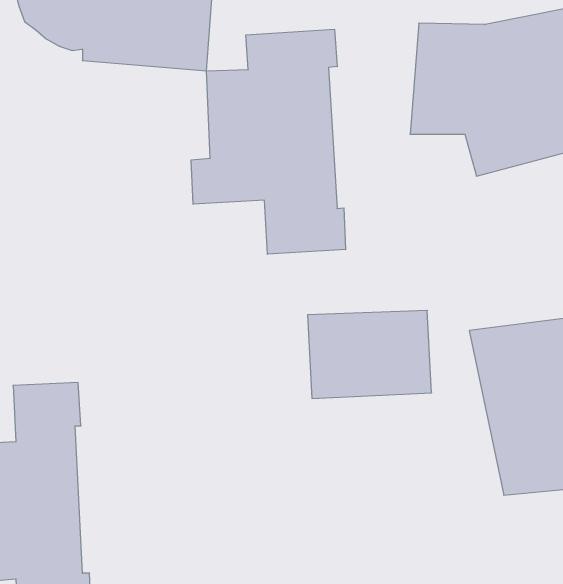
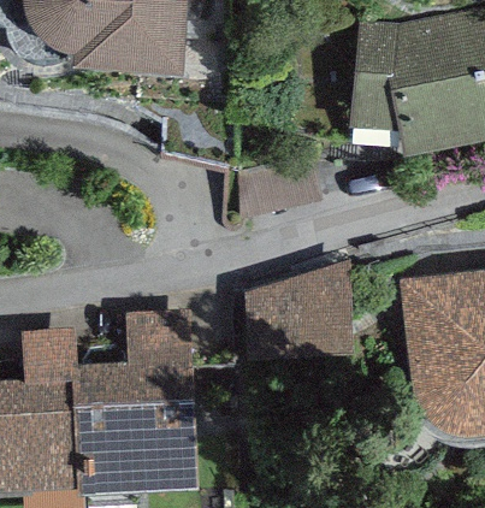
building: [191,29,346,254] -> none
building: none -> [71,311,196,488]

